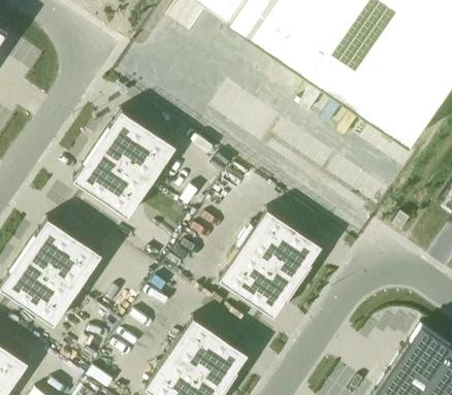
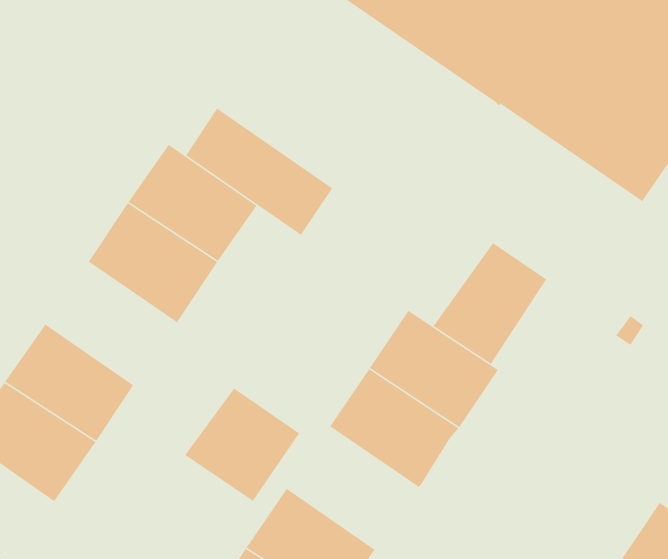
building: none -> [185,108,333,236]
building: none -> [433,242,547,365]
building: none -> [184,388,300,502]

